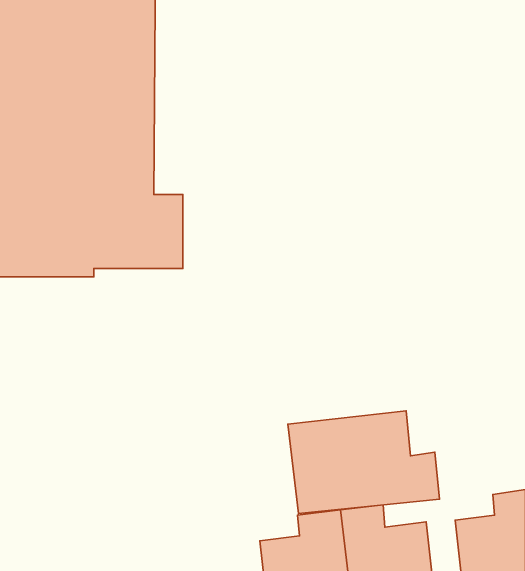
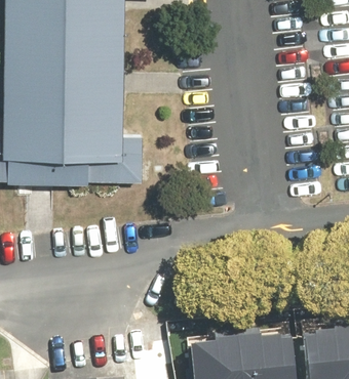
building: [288,411,440,514] -> none

